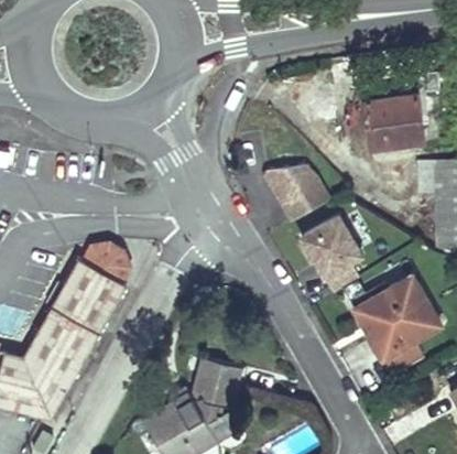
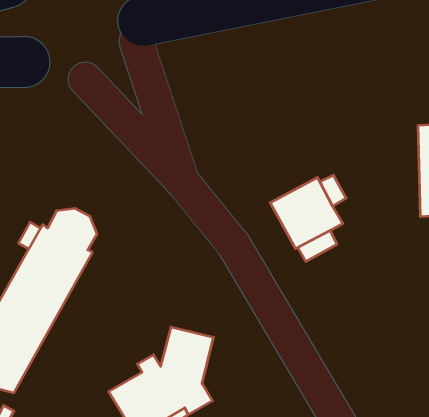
building: [366,94,434,145] -> none
building: [261,166,331,225] -> none
building: [353,278,442,360] -> none

